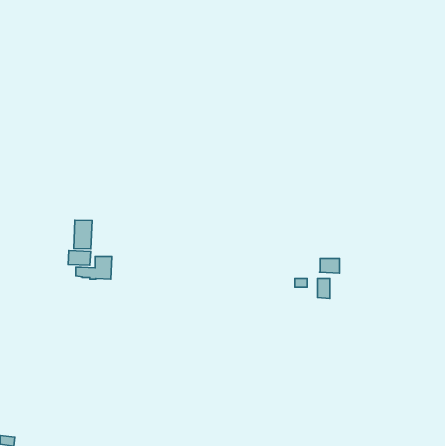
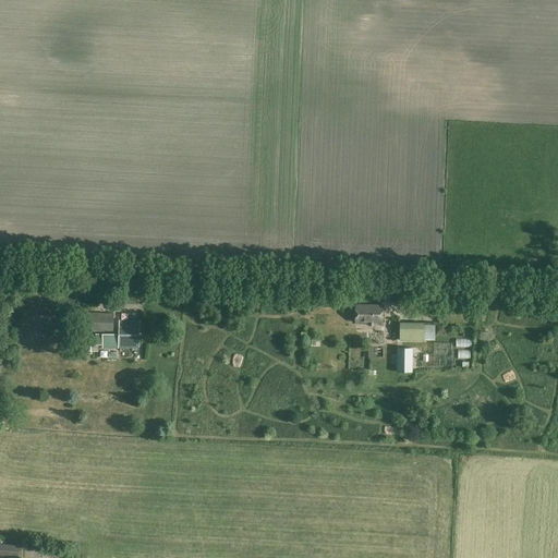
building: [74,220,92,249] -> none
building: none -> [355,305,384,323]

